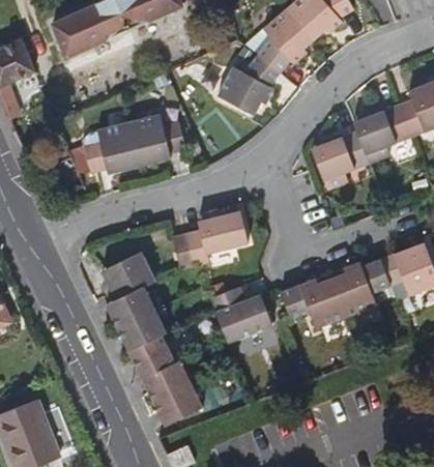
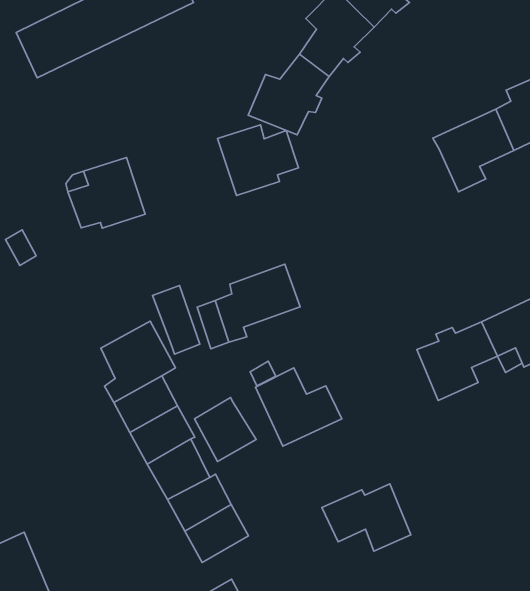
building: [126,115,184,166] -> [218,125,298,195]
building: [311,130,369,188] -> none
building: none -> [152,286,200,354]
building: [281,276,345,325] -> [322,484,411,551]
building: none -> [194,397,256,461]

